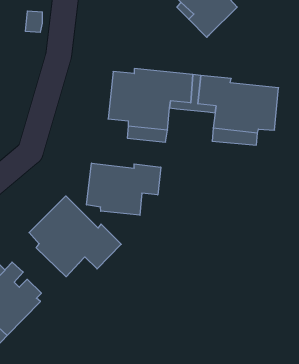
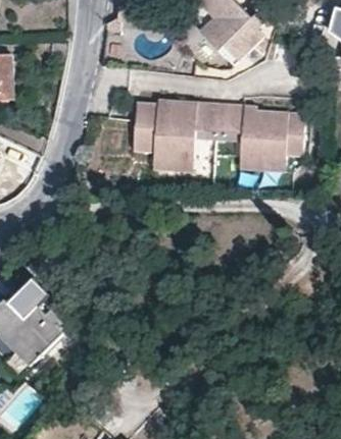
building: [87,163,161,215] -> none
building: [29,196,121,277] -> none

